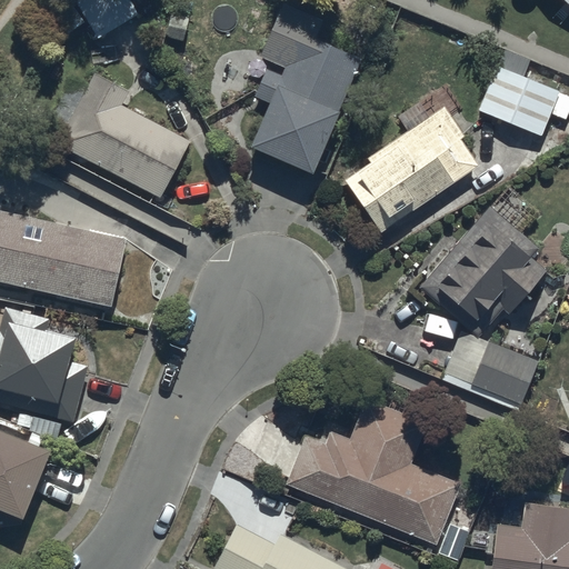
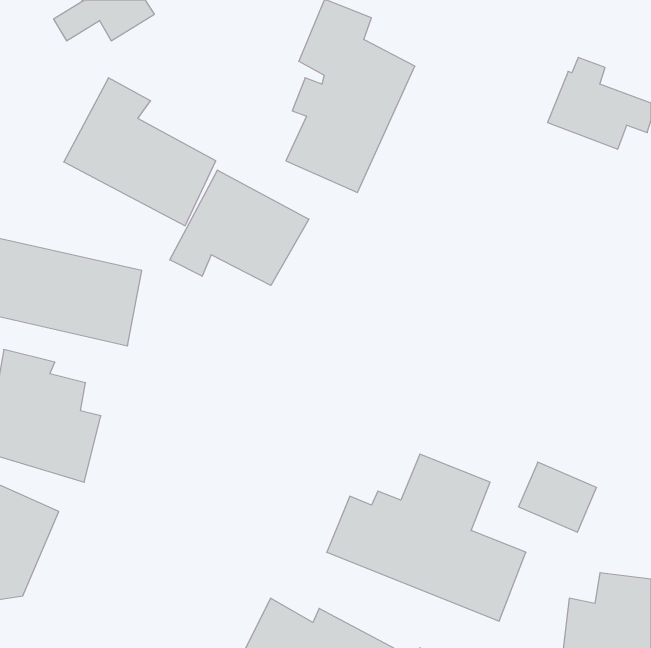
building: [348,107,476,228] -> none
building: none -> [170,170,309,285]
building: [420,208,547,338] -> none
building: [469,342,537,403] -> [519,462,597,532]

